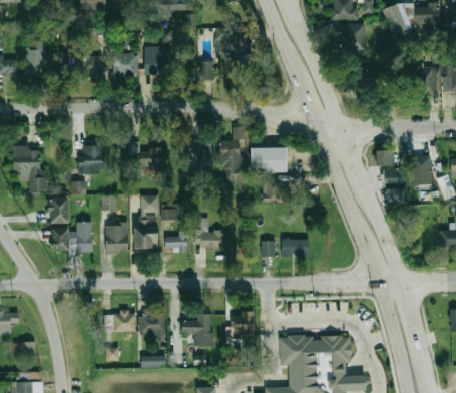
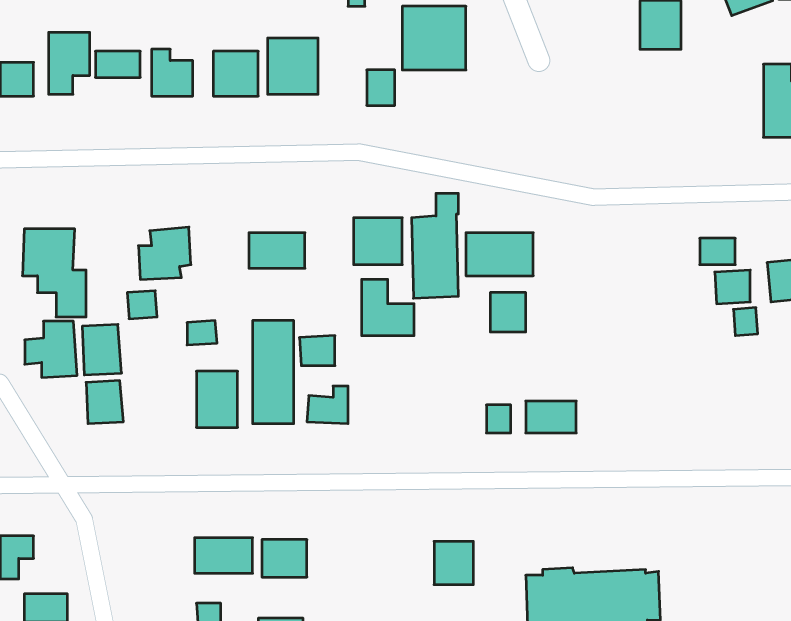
building: [195,219,223,249] -> [362,279,414,336]
building: [66,223,94,253] -> [25,321,77,377]
building: [181,314,212,346] -> none

